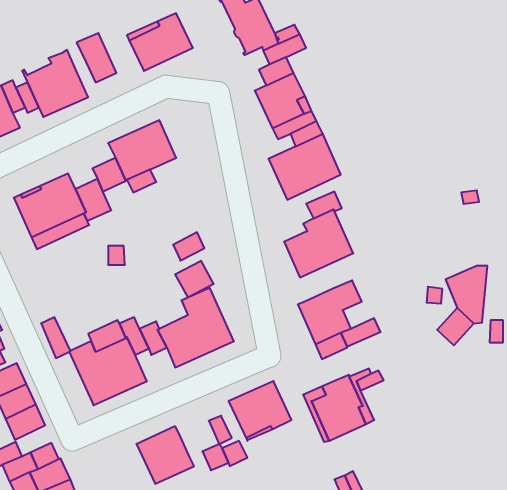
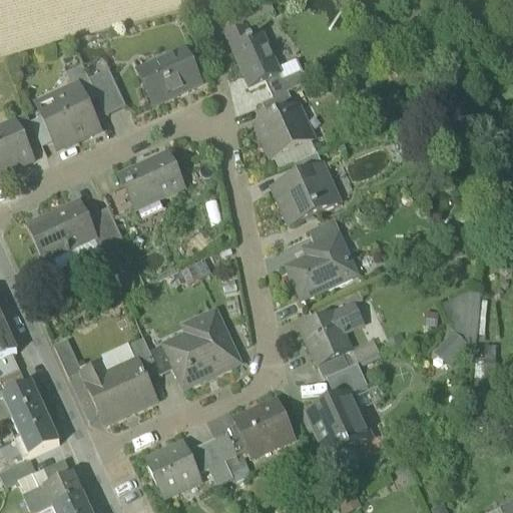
building: none -> [67,62,97,98]
building: [175,261,214,297] -> none
building: none -> [327,364,368,398]
building: none -> [186,437,224,472]

